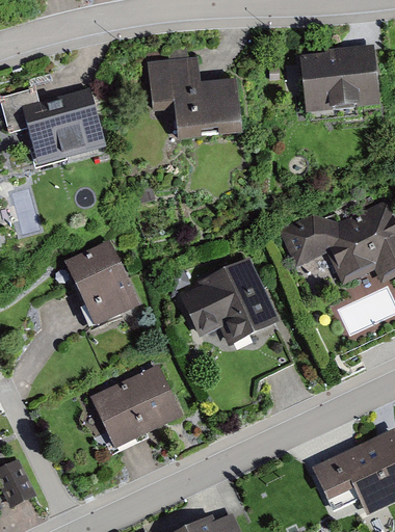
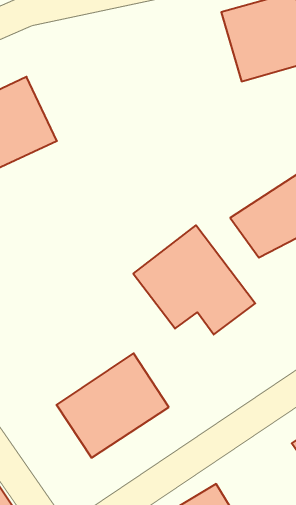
building: [142,51,251,136] -> none
building: [53,234,149,335] -> none

